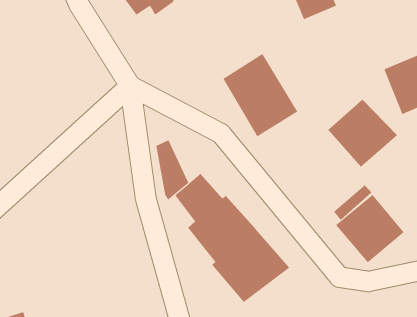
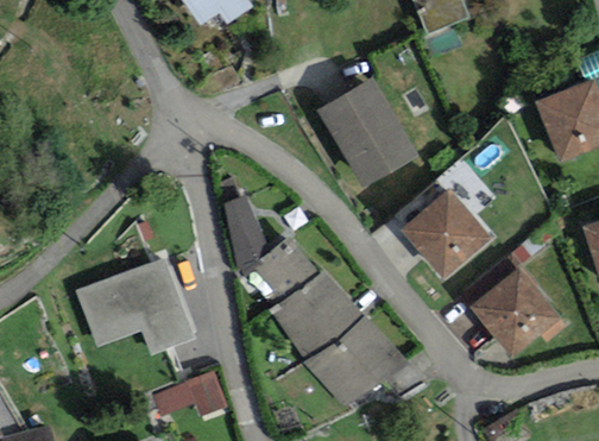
building: [327,99,398,168] -> [399,189,494,282]
building: none -> [74,254,196,352]
building: none -> [157,368,233,418]

